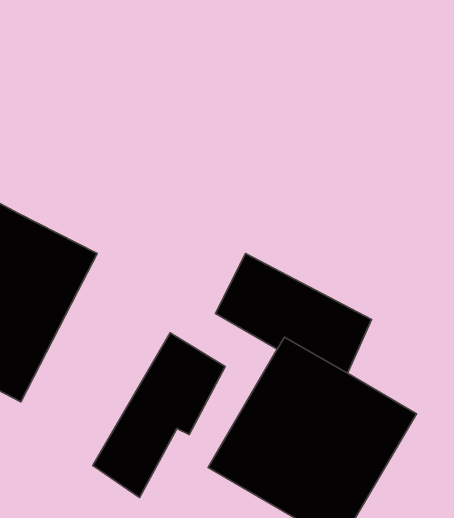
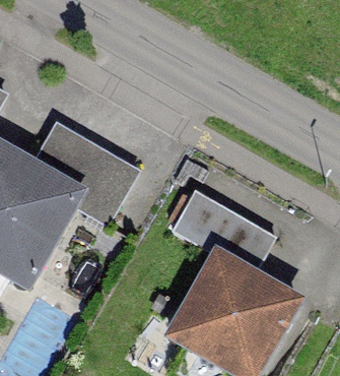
building: none -> [33,123,140,229]
building: [93,333,225,498] -> none

